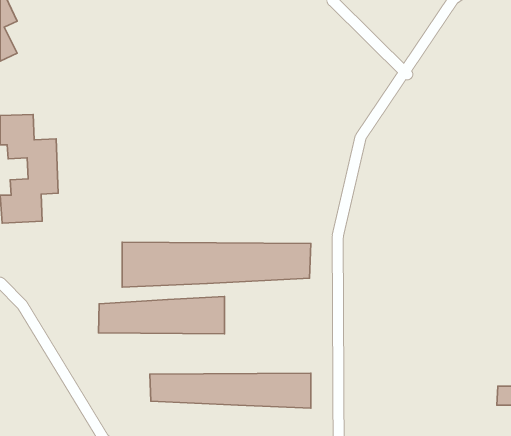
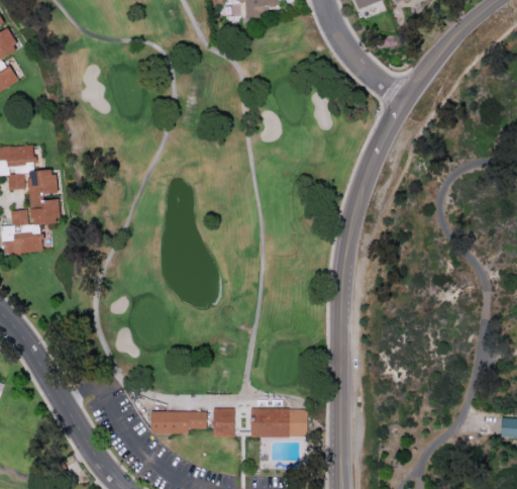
building: [122,242,311,287] -> none
building: [98,296,224,334] -> none

